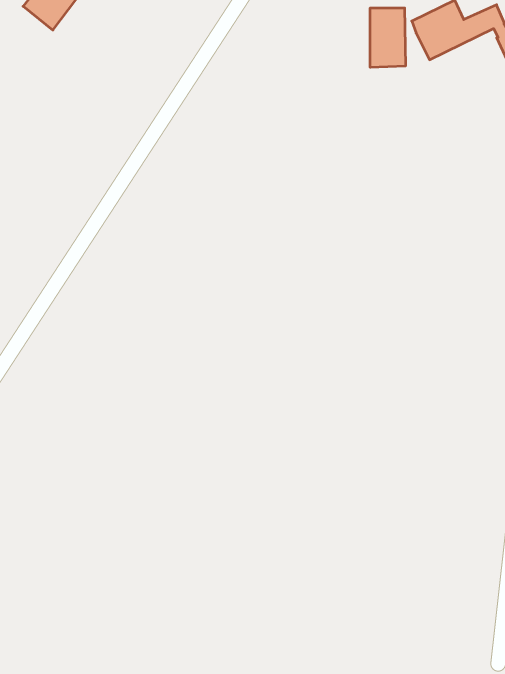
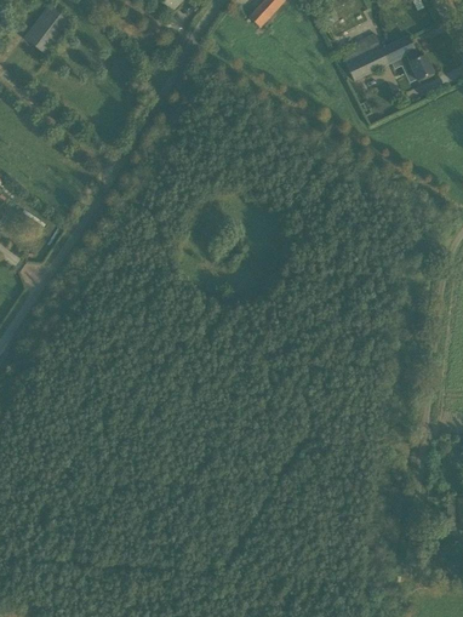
building: [370,8,405,67] -> none

